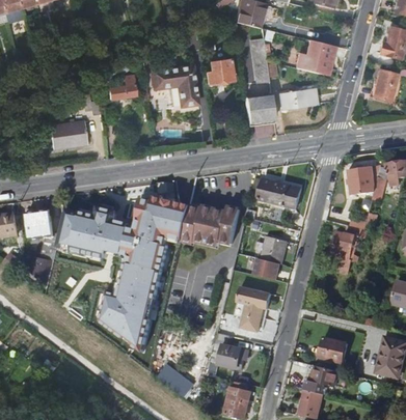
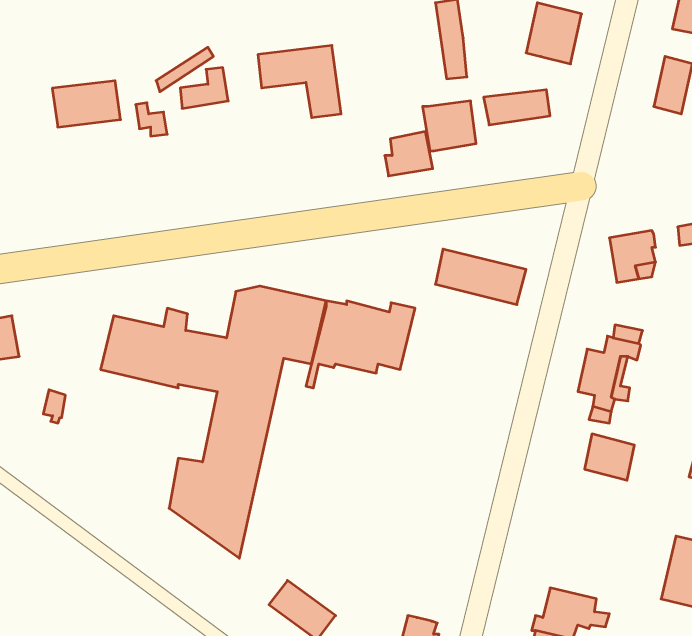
building: [205,59,232,84] -> [385,132,433,176]
building: [50,122,88,148] -> [52,81,121,127]
building: [29,216,54,241] -> none
building: [253,239,287,282] -> none
building: [235,288,272,333] -> none
building: [212,335,248,371] -> none
building: [319,339,347,365] -> [585,434,634,480]

